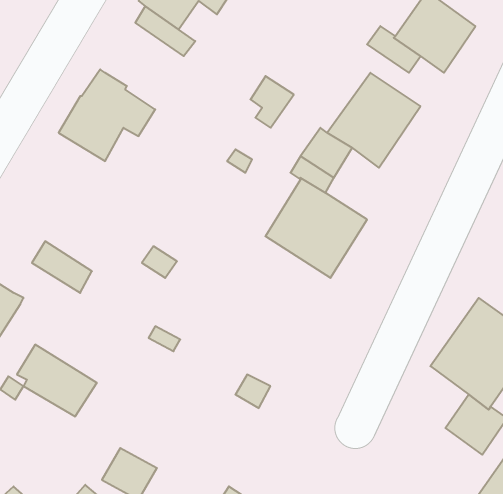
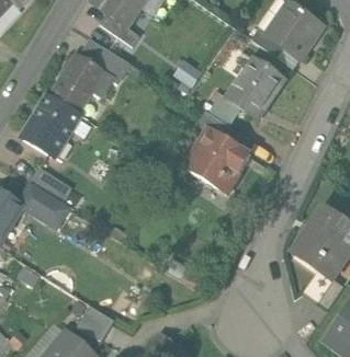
building: none -> [78,38,140,84]
building: none -> [16,94,80,160]
building: [17,345,97,416] -> [18,182,70,229]

